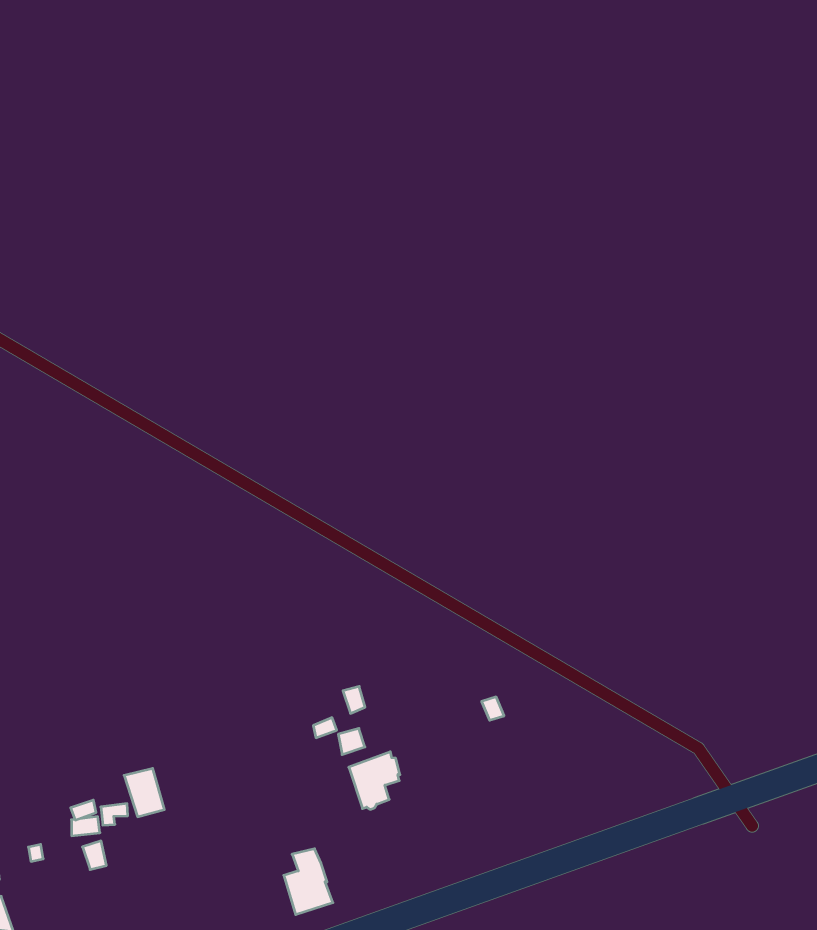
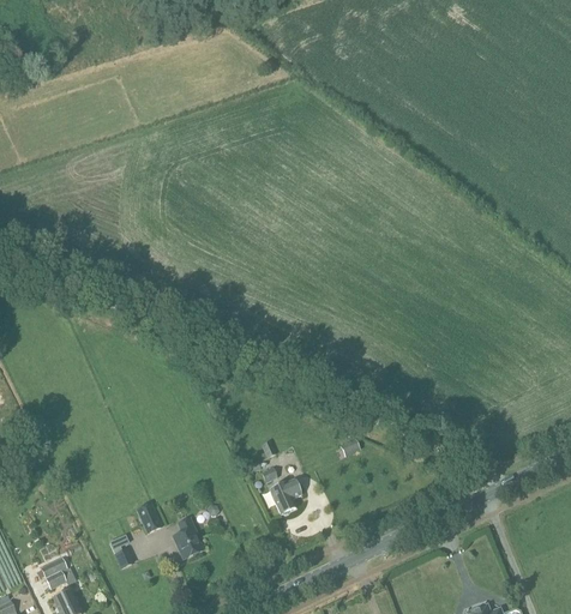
building: [284,849,333,915] -> [173,518,204,559]

